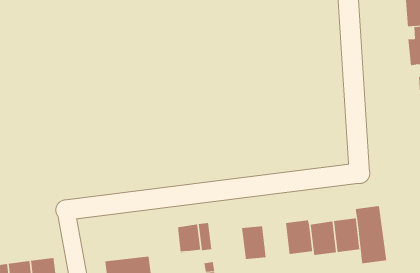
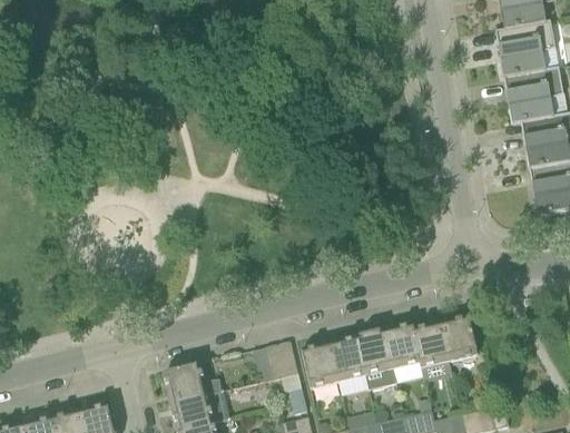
building: [355,205,387,264] -> none
building: none -> [355,332,394,385]
building: none -> [301,343,338,388]
building: none -> [161,365,220,403]

